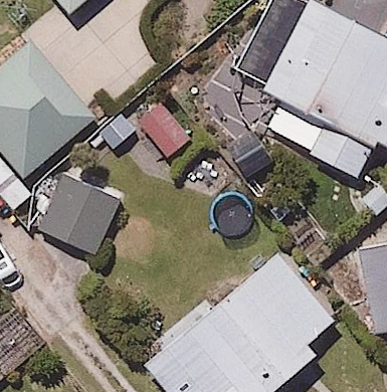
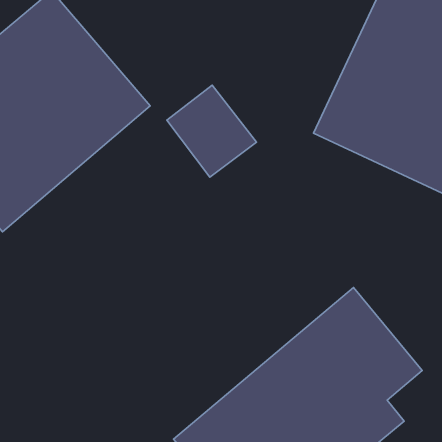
building: [40,172,125,257] -> none

